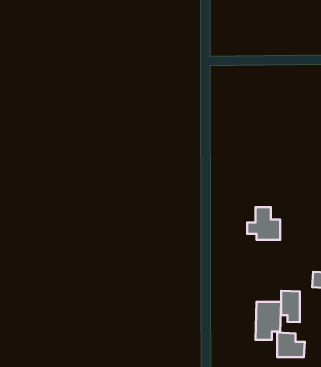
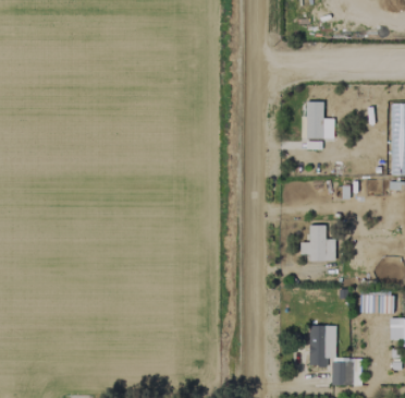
building: none -> [302,101,334,138]
building: [281,291,300,322] -> none

